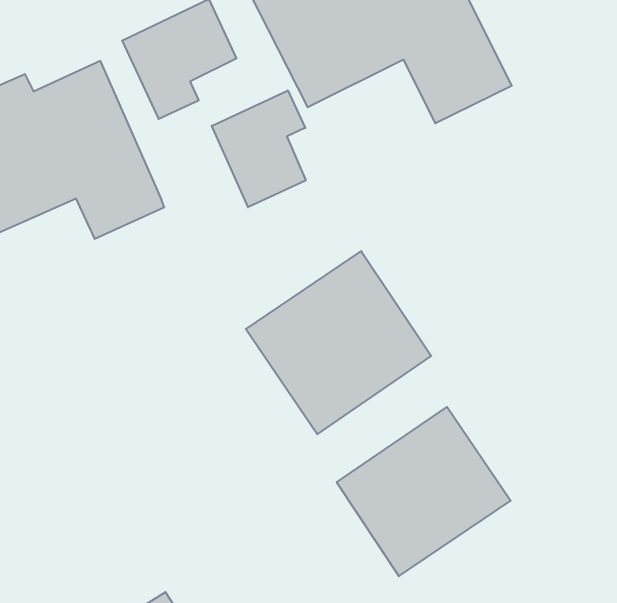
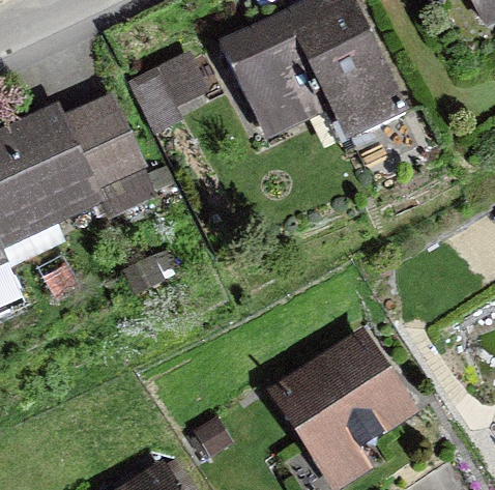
building: [212,90,306,207] -> none
building: [246,251,431,434] -> none

